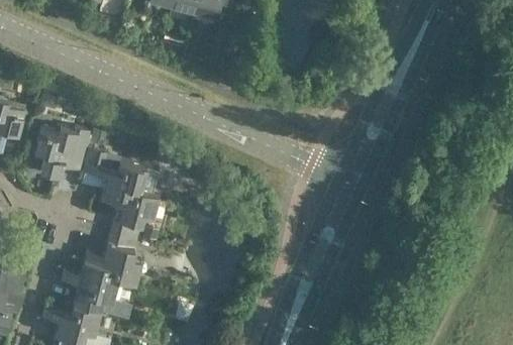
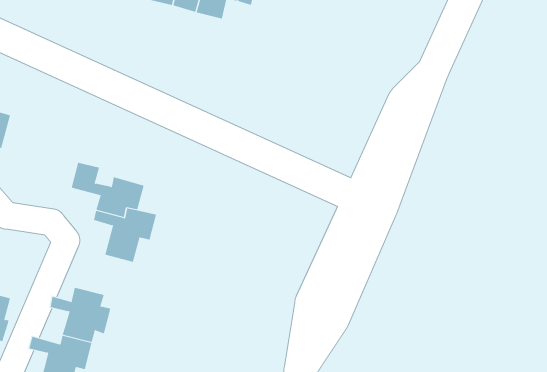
building: [34,128,89,181] -> none
building: [84,233,141,286] -> none

